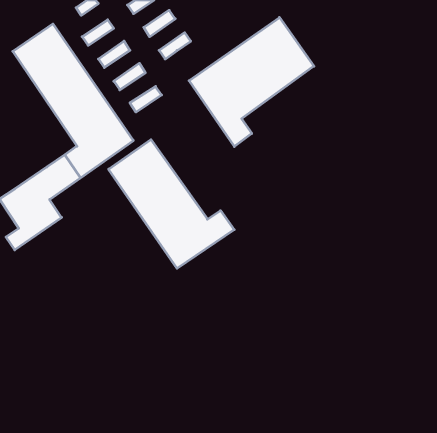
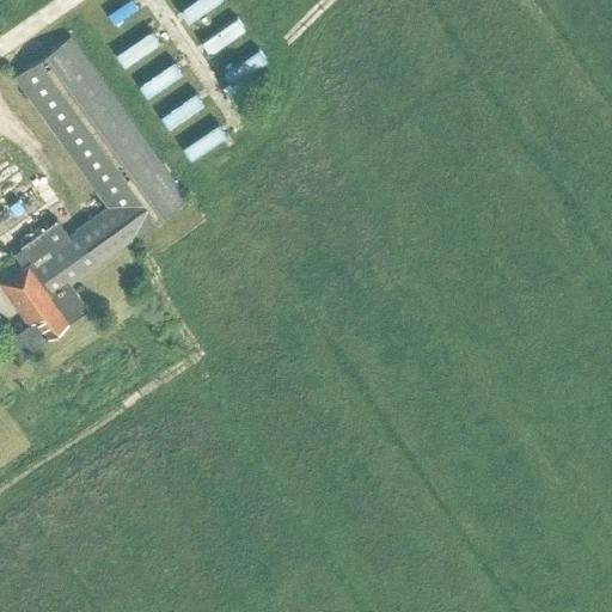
building: [189,17,314,147] -> none
building: [109,140,234,268] -> none
building: none -> [11,221,66,270]

